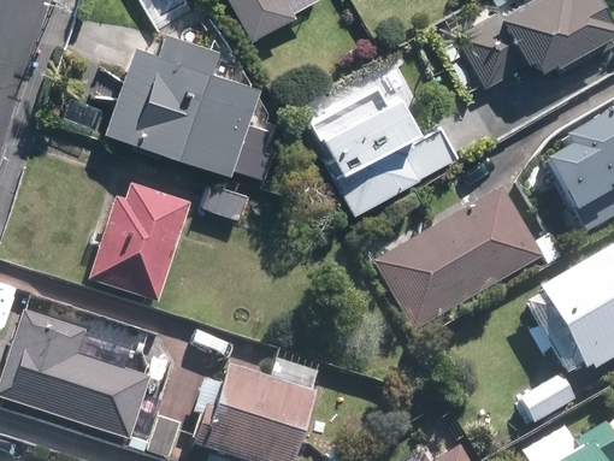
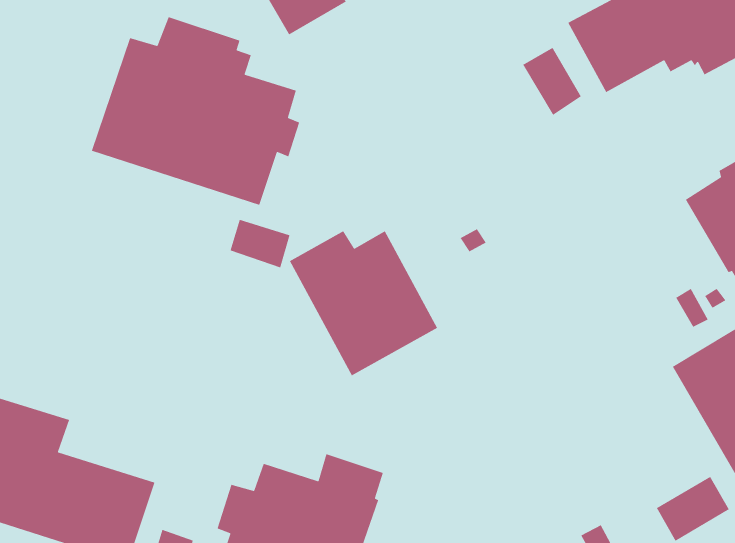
building: [303,94,415,203] -> [289,230,438,376]
building: [376,184,543,329] -> none
building: [88,185,190,302] -> none

